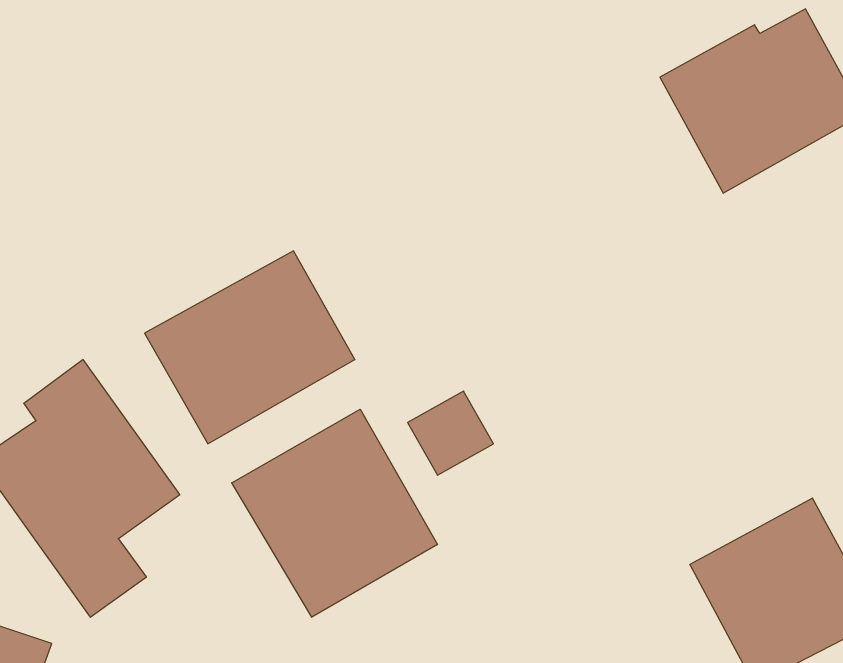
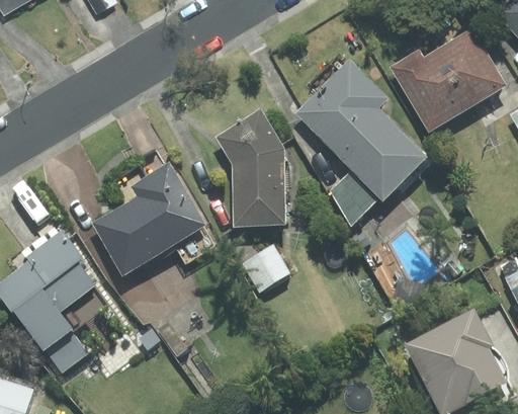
building: none -> [291,60,428,226]
building: none -> [214,109,289,231]
building: [232,409,437,617] -> none

